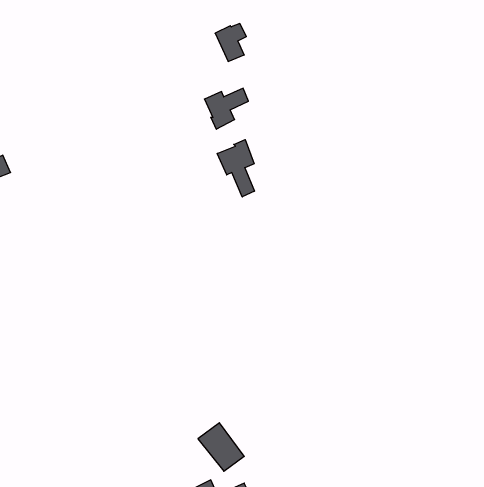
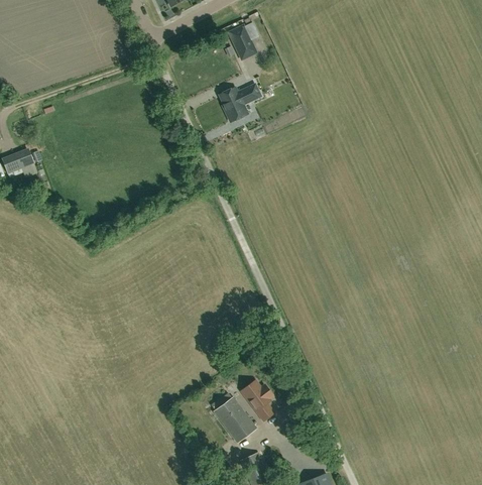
building: [217,140,254,197] -> none
building: none -> [240,379,274,419]

